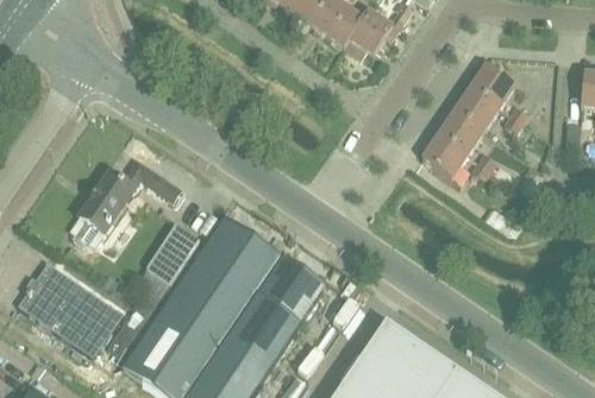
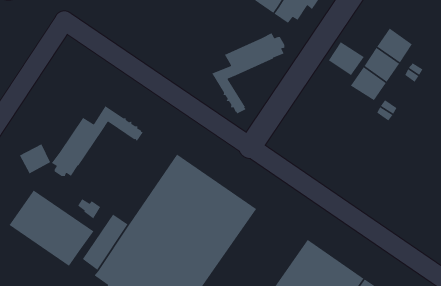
building: none -> [211,32,285,114]
building: [421,135,466,178] -> [328,41,365,76]
building: none -> [19,143,51,175]
building: [146,225,199,285] -> none

